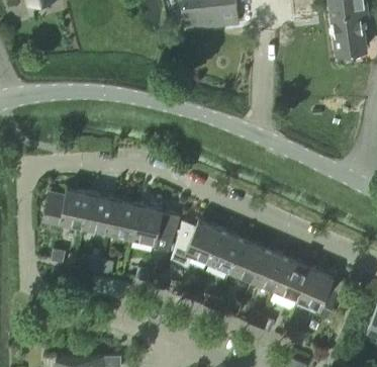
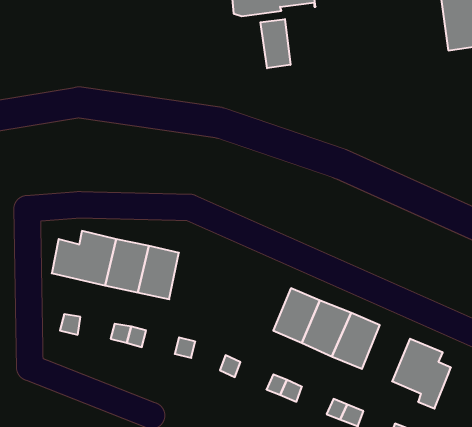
building: none -> [260,19,290,68]
building: [132,204,180,254] -> none
building: [172,220,222,267] -> none
building: [275,258,310,299] -> none

